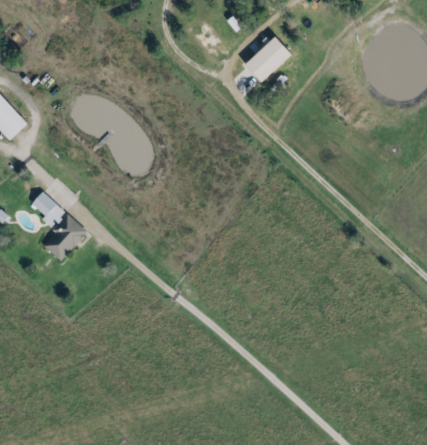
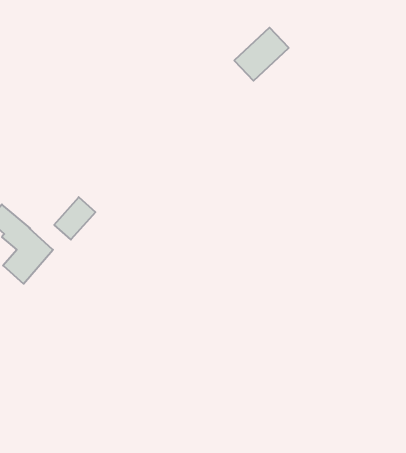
building: none -> [54,197,95,240]

